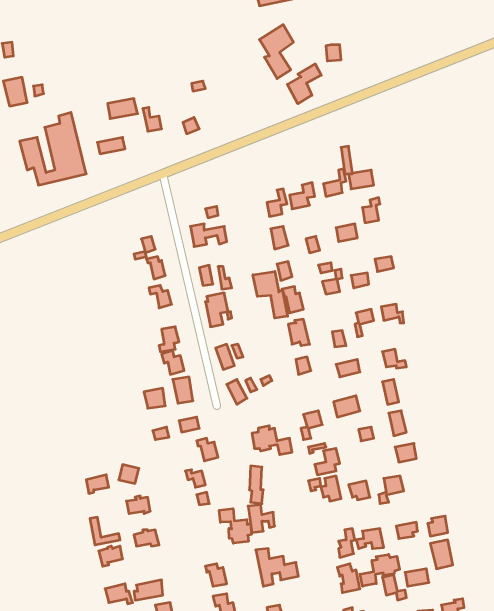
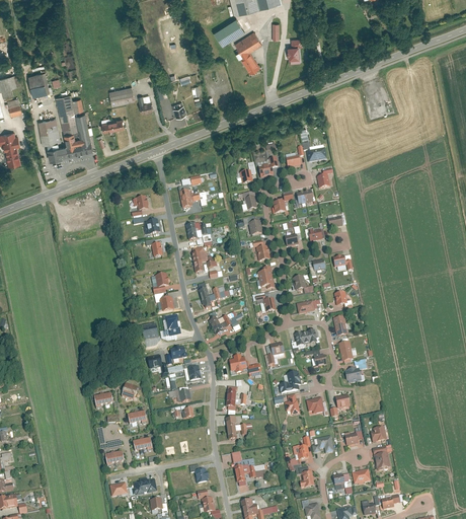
building: none -> [215,16,244,43]
building: [287,64,321,104] -> none
building: [253,271,288,318] -> none
building: [219,509,251,543] -> none
building: [360,554,400,586] -> none

